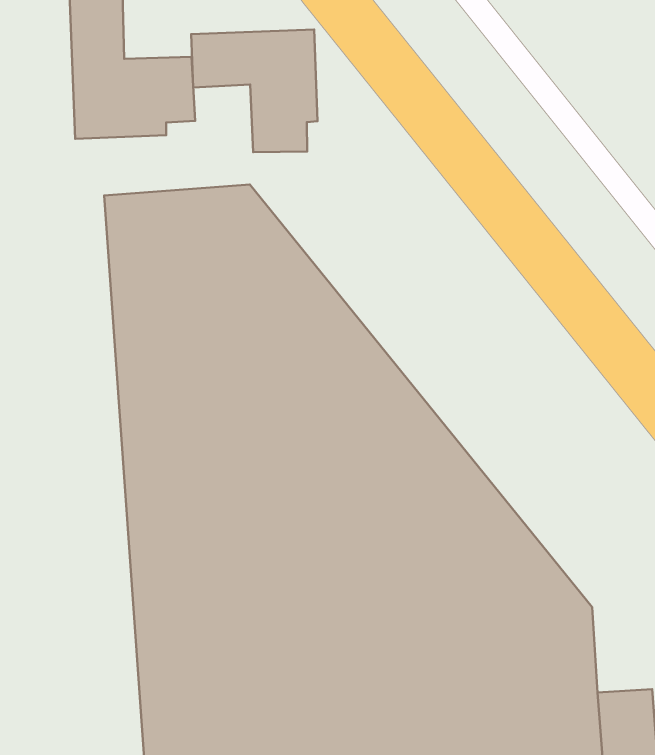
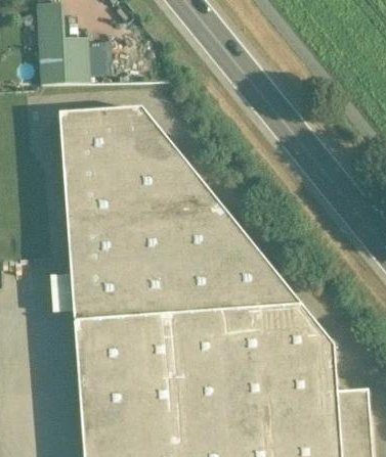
building: [191,30,317,152] -> none

